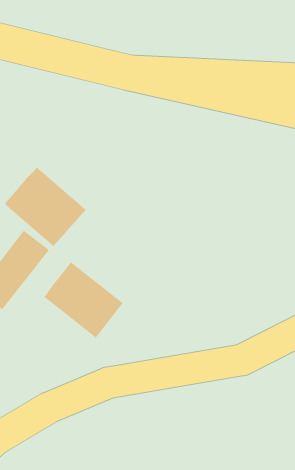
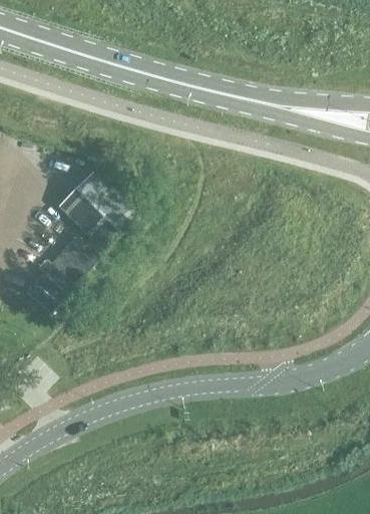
building: [44,262,123,339] -> none

